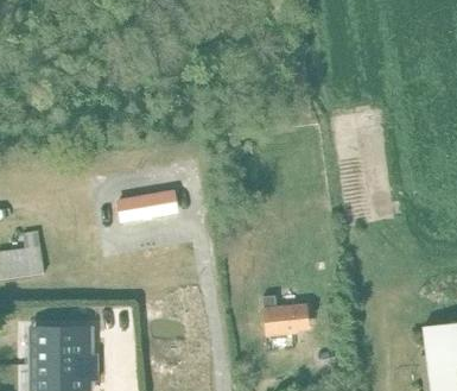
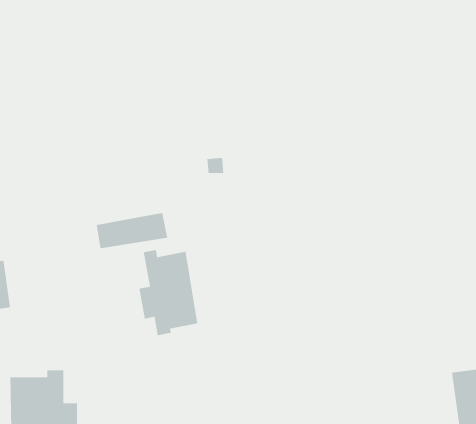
building: none -> [139,249,198,336]
building: [261,297,306,340] -> none

